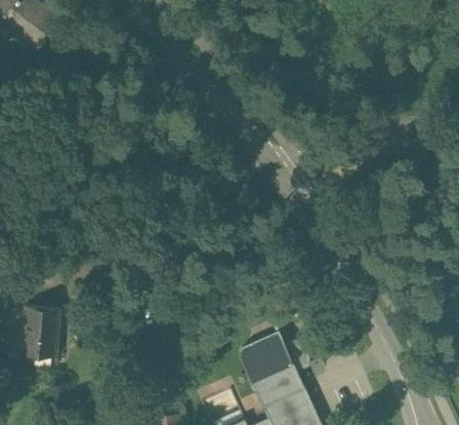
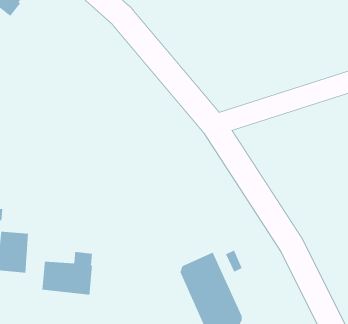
building: none -> [42,251,93,295]

